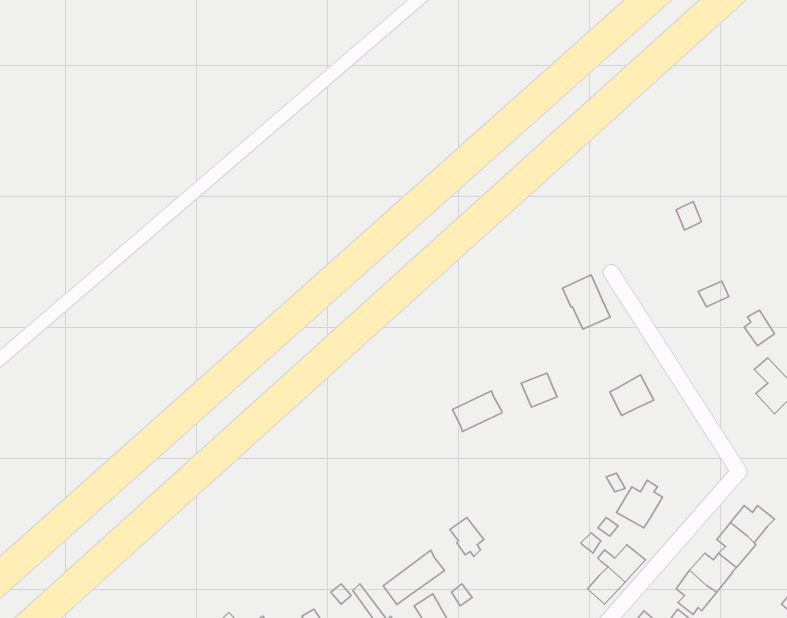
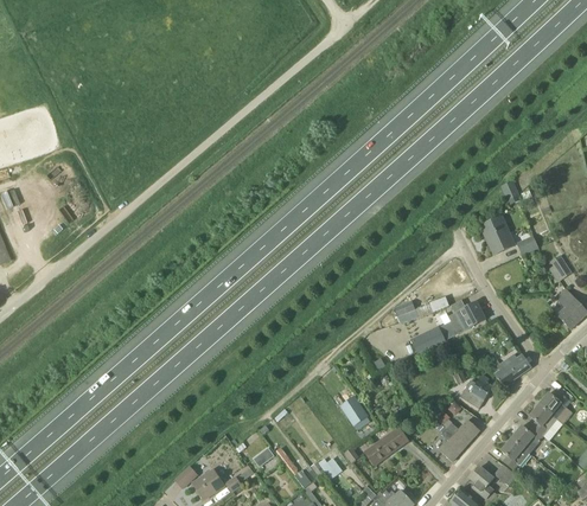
building: [562,275,610,329] -> [480,216,513,254]
building: [452,391,502,432] -> [410,327,445,356]
building: none -> [493,353,530,386]
building: [383,550,444,605] -> [364,427,407,465]

